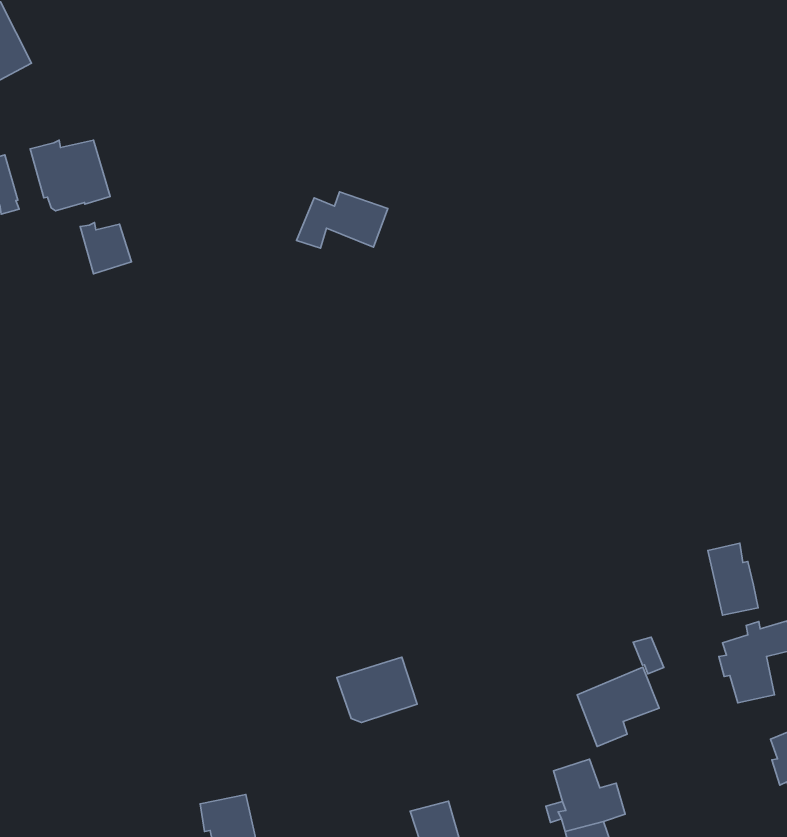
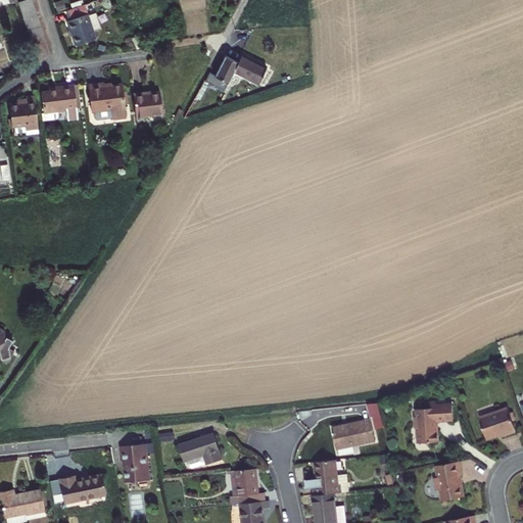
building: [296,192,388,248] -> [216,53,268,86]
building: [80,222,131,274] -> [132,87,156,114]
building: [708,543,758,615] -> none
building: [337,657,417,723] -> [172,436,212,468]

